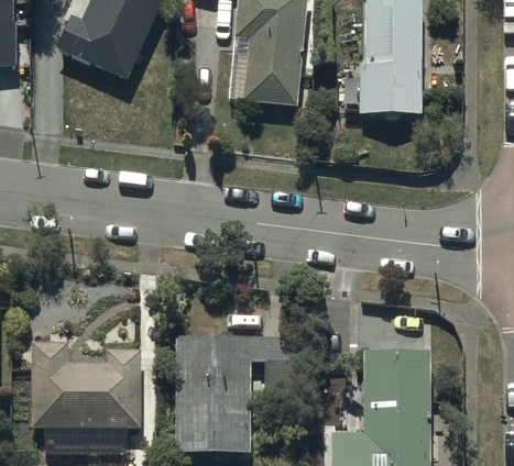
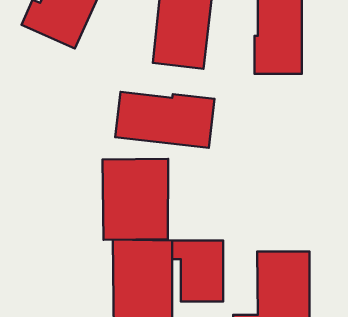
building: none -> [115,92,214,148]
building: none -> [103,159,168,240]
building: [34,341,140,423] -> none

